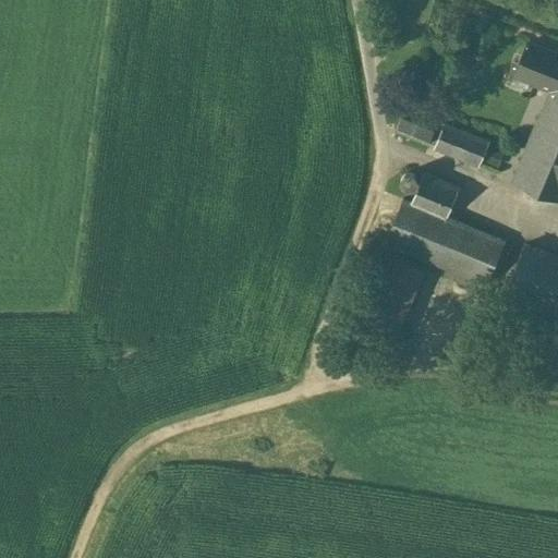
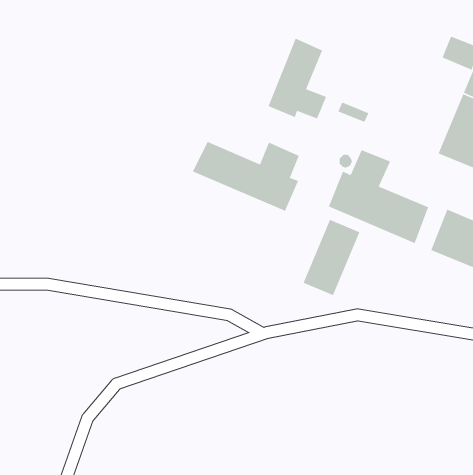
building: none -> [267,37,327,120]
building: [437,124,492,167] -> none
building: none -> [192,141,300,212]

